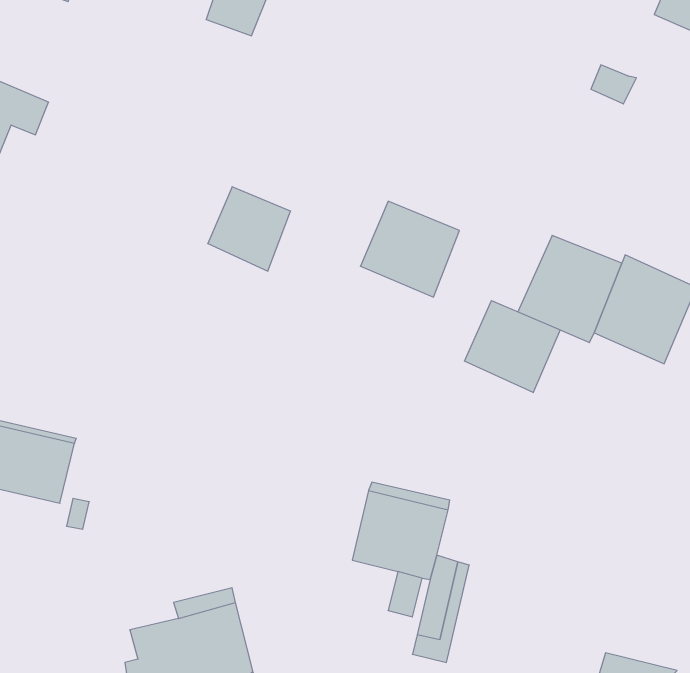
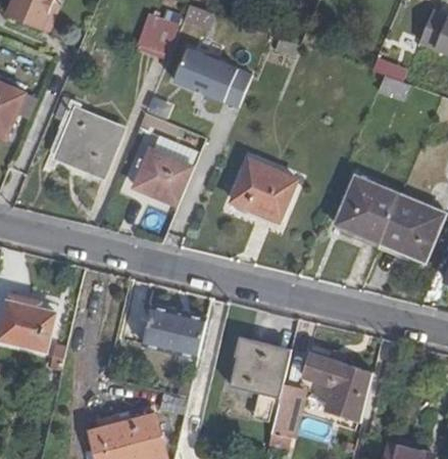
building: none -> [172,48,250,107]
building: none -> [56,100,119,174]
building: [464,301,560,393] -> none
building: none -> [142,309,204,353]
building: none -> [300,352,370,422]

